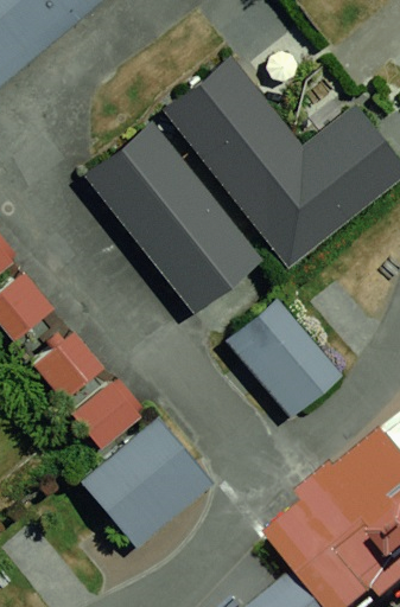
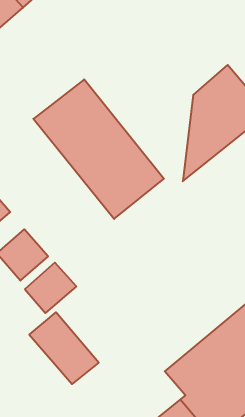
building: [161,56,305,266] -> none
building: [226,300,345,424] -> none
building: [115,416,211,517] -> none

